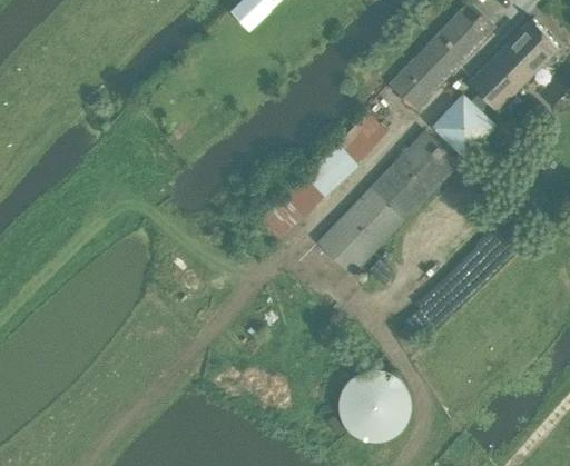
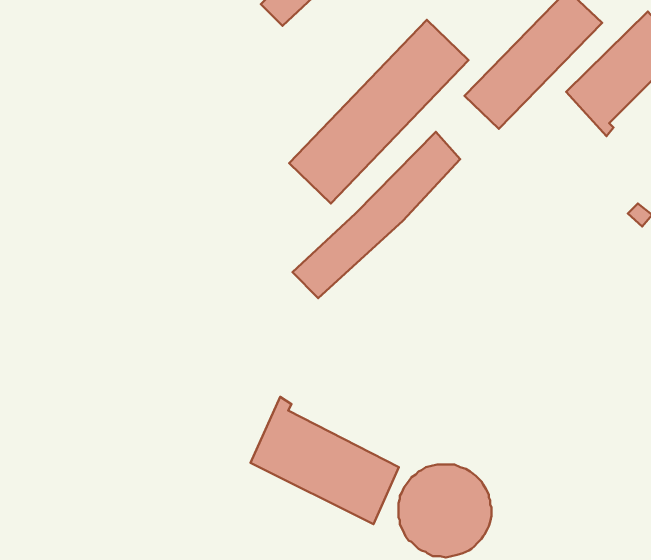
building: [430,92,497,158] -> none
building: [318,131,458,274] -> [289,20,468,203]
building: none -> [251,397,399,524]

